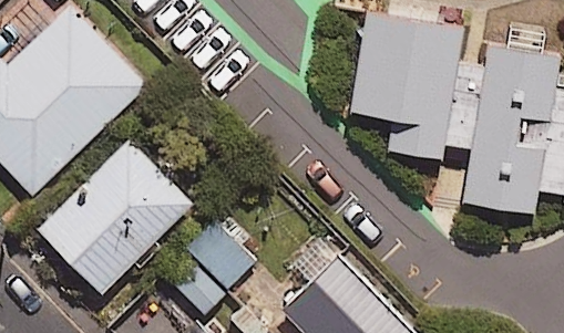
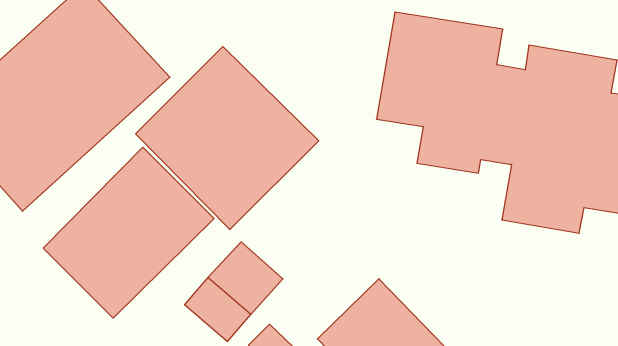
building: none -> [136,47,319,230]

